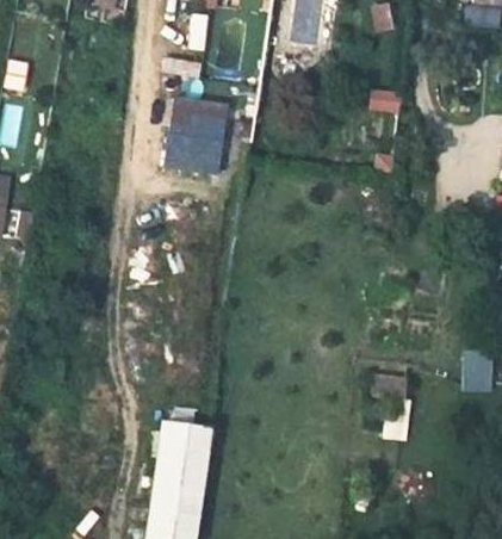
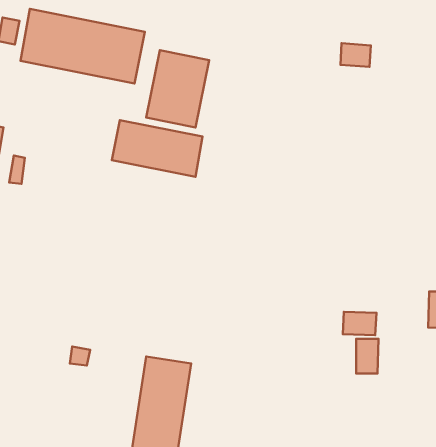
building: none -> [20,9,145,83]
building: none -> [112,120,203,177]

